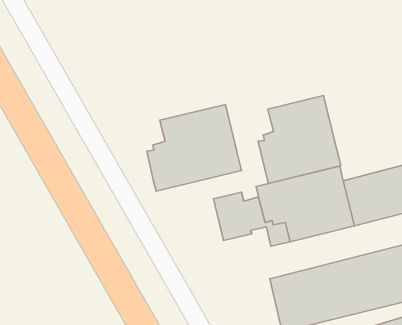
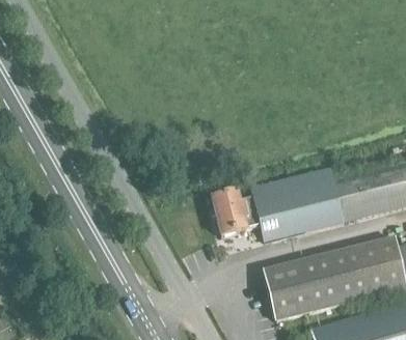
building: [258,96,341,184] -> none
building: [147,105,242,191] -> none

